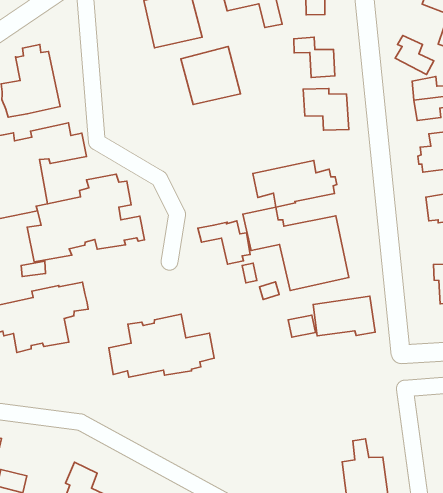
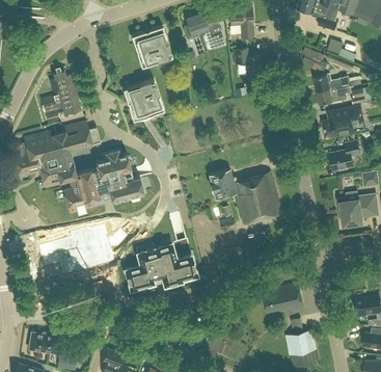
building: [181,46,240,105] -> [123,79,164,119]
building: [303,89,349,130] -> none
building: [253,160,337,207] -> none
building: [198,221,250,264] -> none
building: [313,296,375,336] -> [262,283,304,312]

